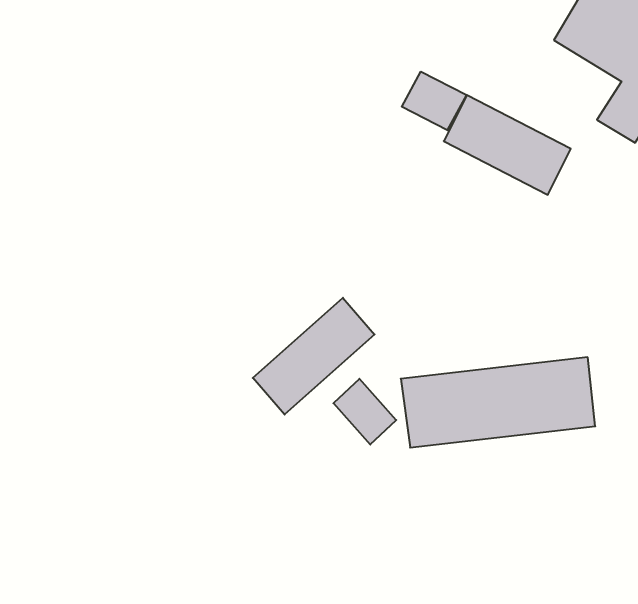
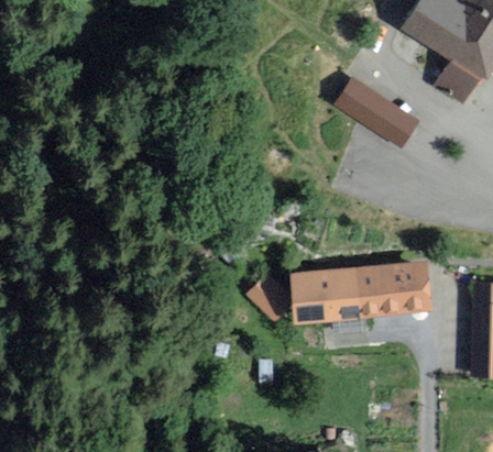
building: [402,72,466,130] -> none
building: [253,298,375,415] -> none

